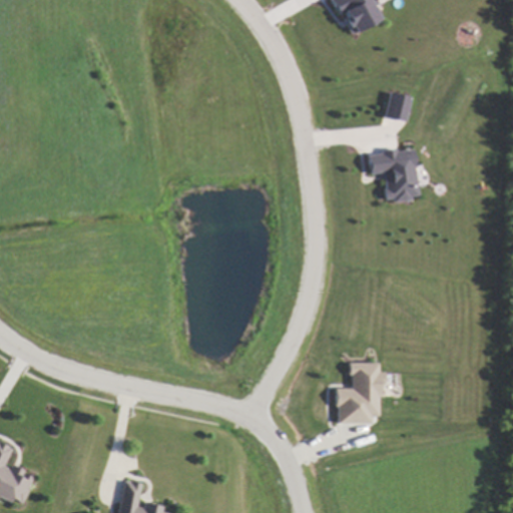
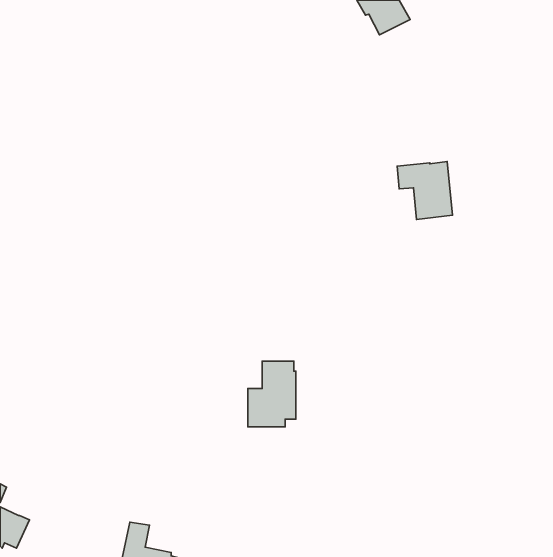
building: [385,91,413,121] -> none
building: [337,363,381,423] -> [248,361,296,427]

